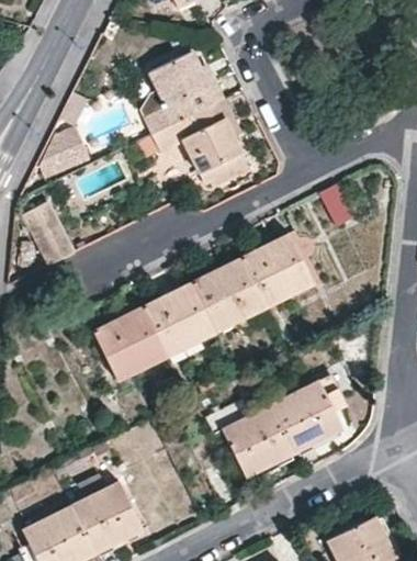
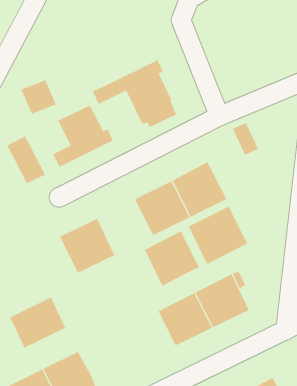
building: [143,52,223,134] -> [52,105,113,167]
building: [144,282,216,356] -> [144,230,199,286]
building: none -> [188,206,248,265]
building: none -> [9,297,66,348]

